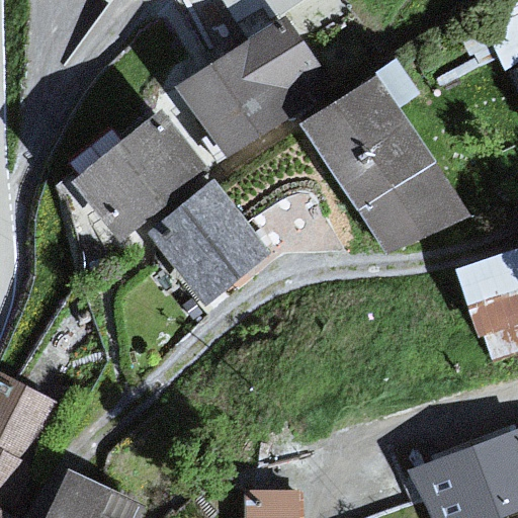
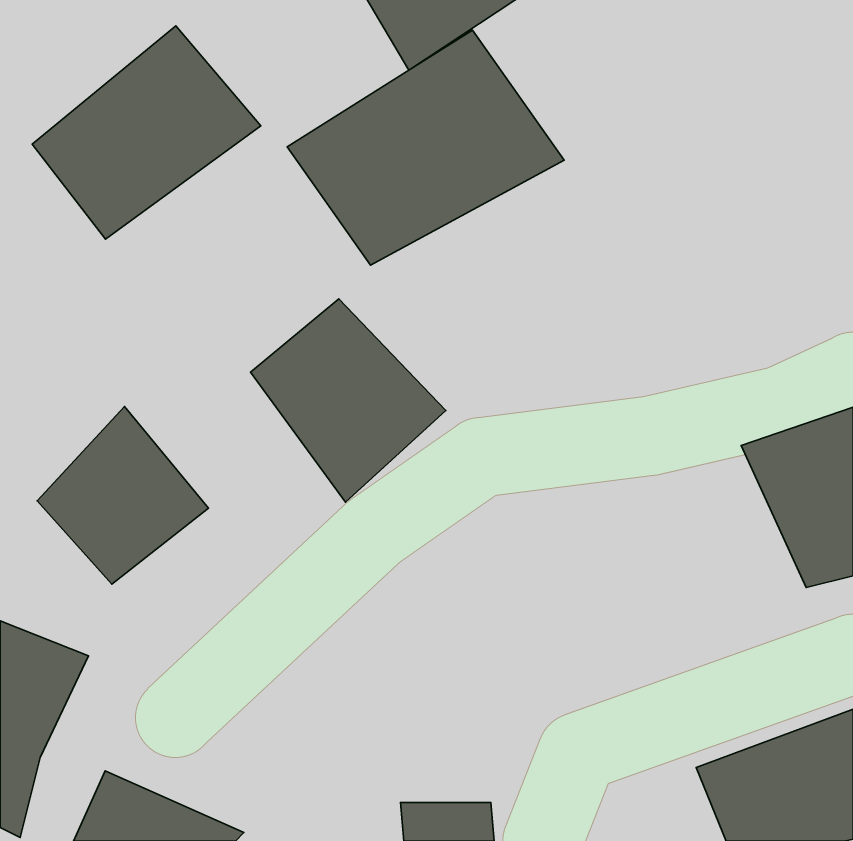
building: [298,78,472,253] -> none
building: [71,112,209,242] -> [32,26,261,239]
building: none -> [37,406,208,584]

